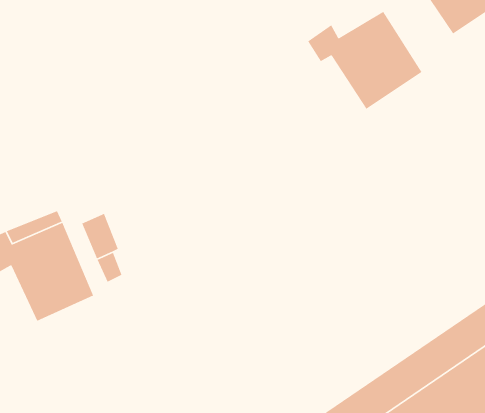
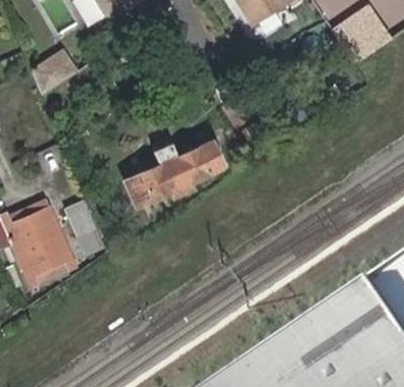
building: [307,11,423,110] -> none
building: none -> [28,50,72,95]
building: none -> [123,140,221,206]

